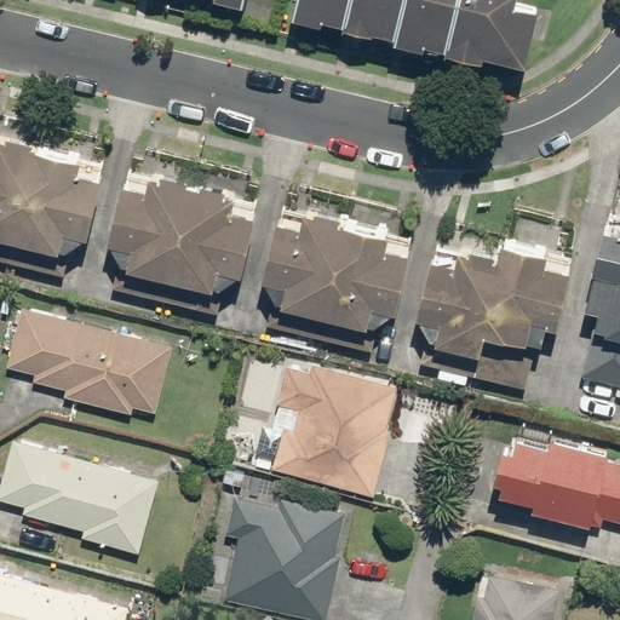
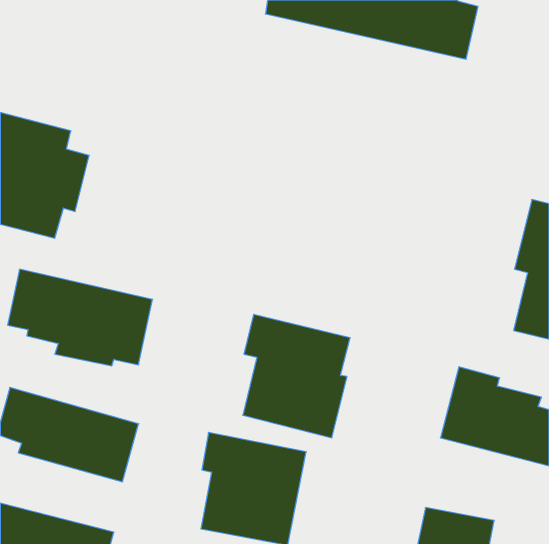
building: [101,170,254,318] -> none
building: [248,207,409,355] -> none
building: [411,243,570,390] -> none

